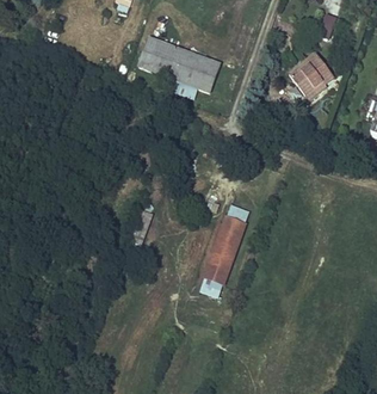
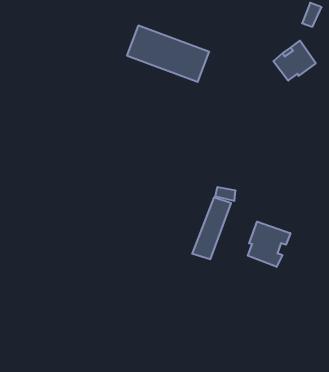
building: none -> [248,222,290,267]

